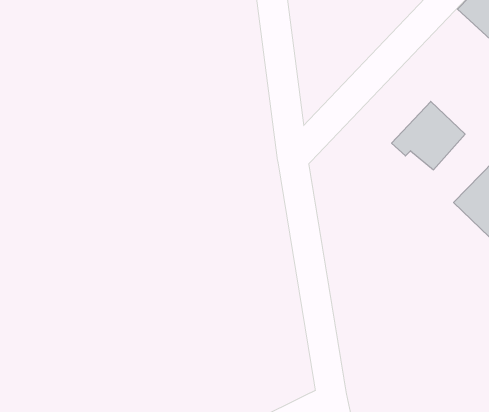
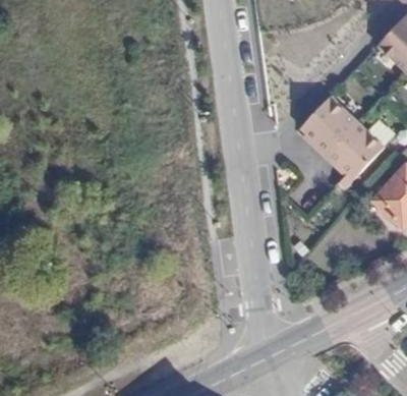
building: none -> [303,95,354,151]

